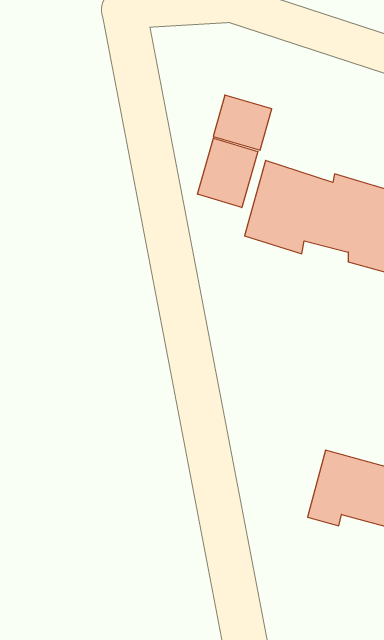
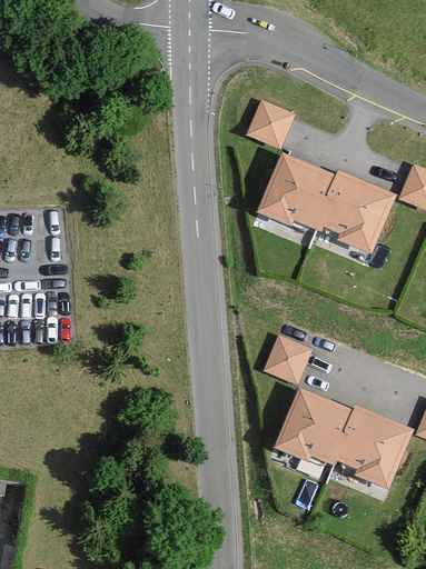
building: [197,138,258,208] -> none
building: none -> [262,335,310,382]

